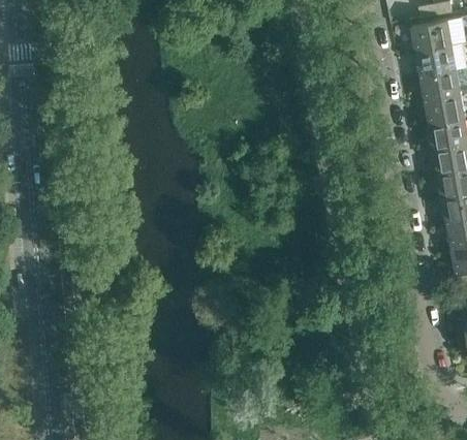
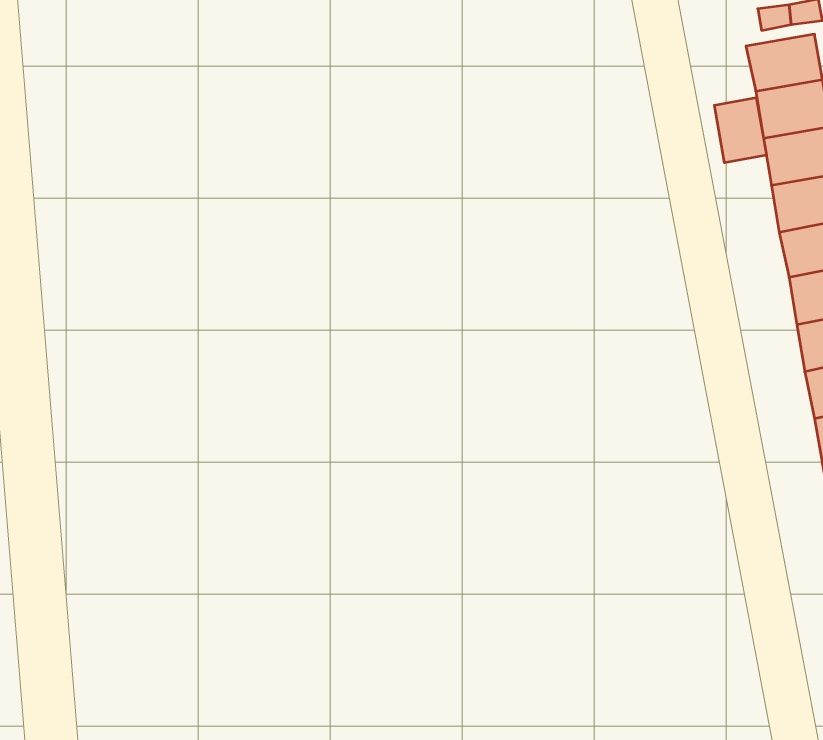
building: none -> [714,97,766,163]

